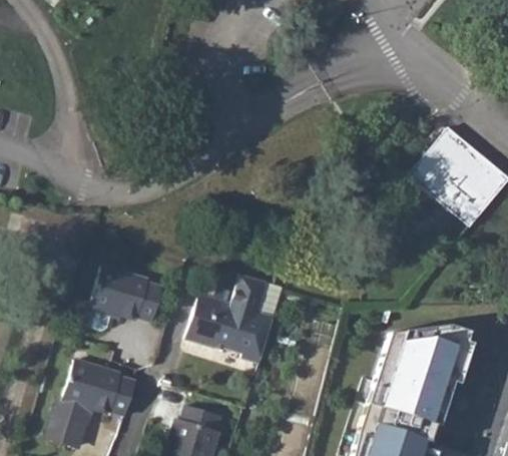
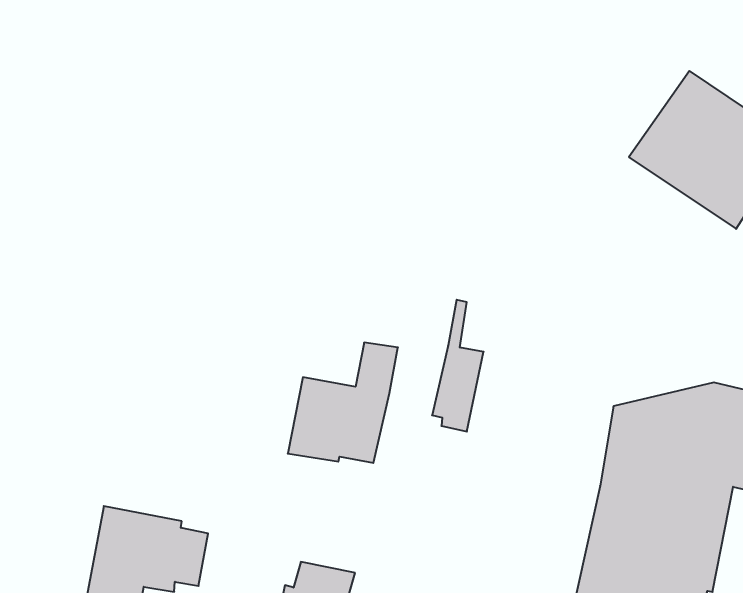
building: [84,266,161,330] -> none
building: [238,282,274,362] -> [432,300,484,432]

